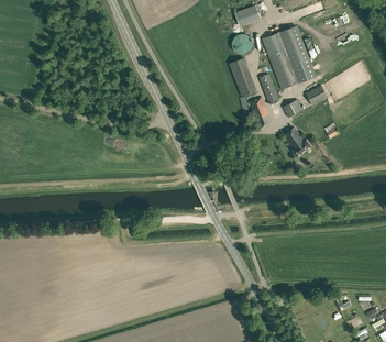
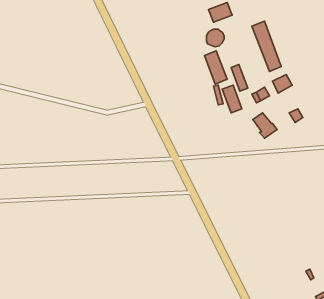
building: [262,31,302,89] -> none

